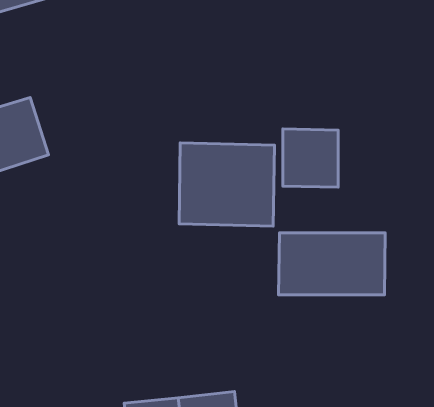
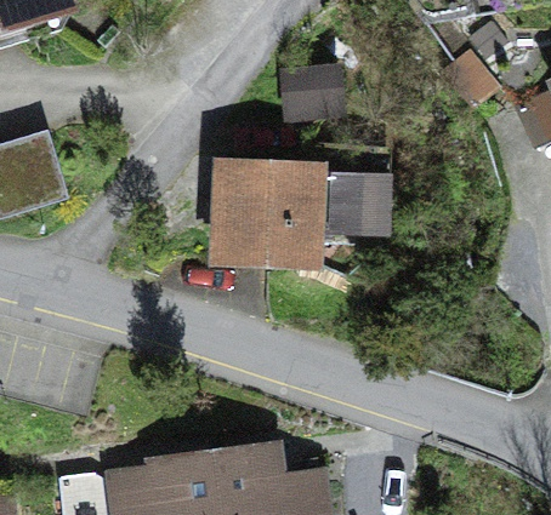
building: [279,233,385,295] -> none

